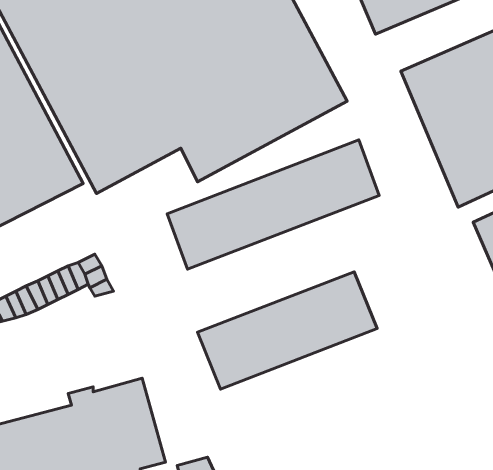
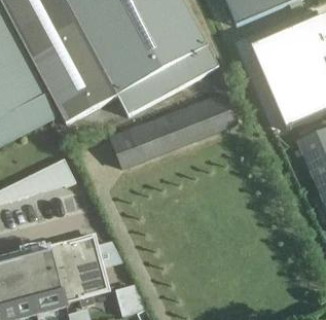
building: [197,272,377,389] -> none

